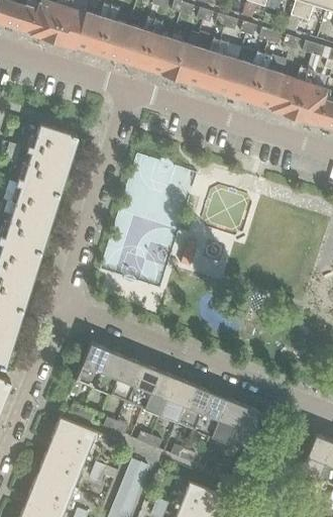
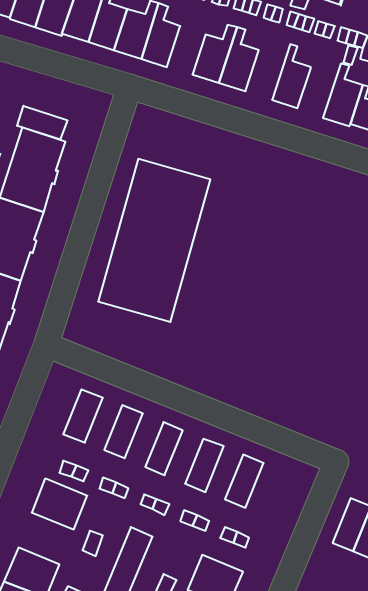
building: [161,32,198,80] -> none
building: [227,53,264,101] -> none
building: [270,68,307,116] -> none
building: none -> [17,106,67,140]
building: [93,350,124,394] -> none
building: [126,364,158,408] -> none
building: [159,378,192,422] -> none
building: [194,391,225,435] -> none
building: [227,405,259,449] -> none
building: [37,446,84,490] -> none

